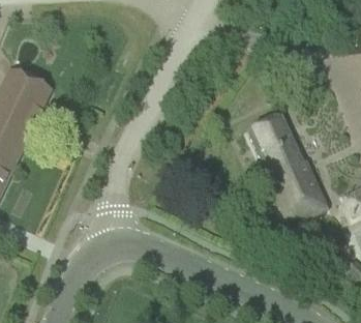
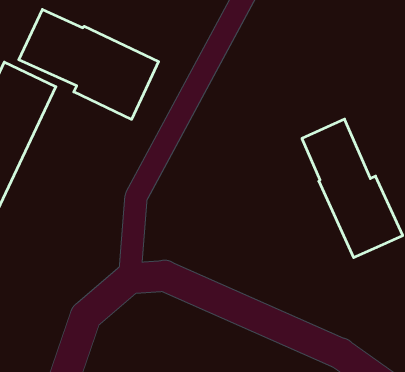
building: none -> [19,9,159,119]

